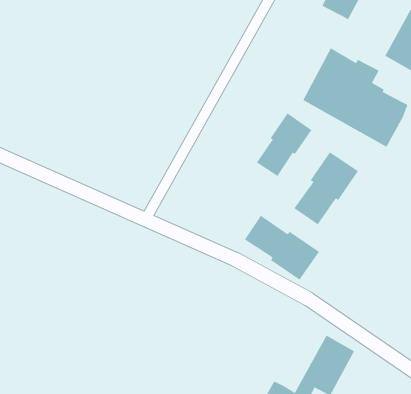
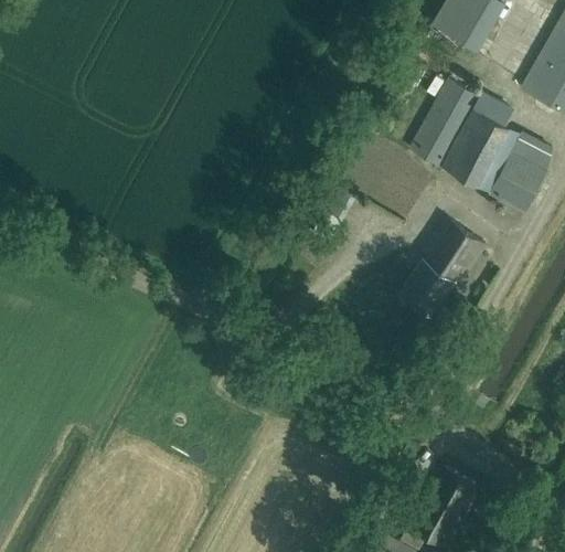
building: [256,113,312,177] -> none
building: [244,215,320,281] -> none

